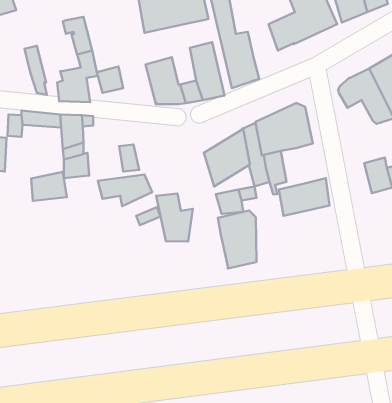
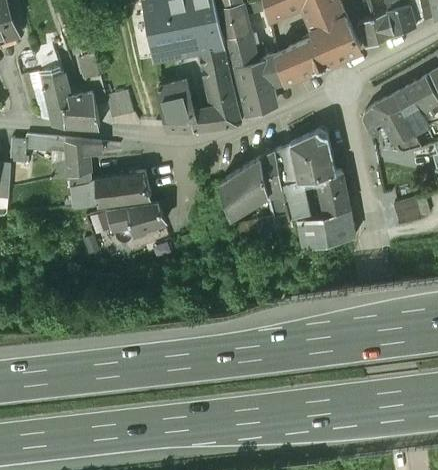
building: none -> [198,41,228,72]
building: none -> [266,47,298,82]
building: none -> [38,51,69,129]
building: none -> [317,172,349,217]
building: [31,172,67,201] -> [95,177,133,208]
building: [156,193,193,242] -> none
building: [218,211,257,269] -> none

